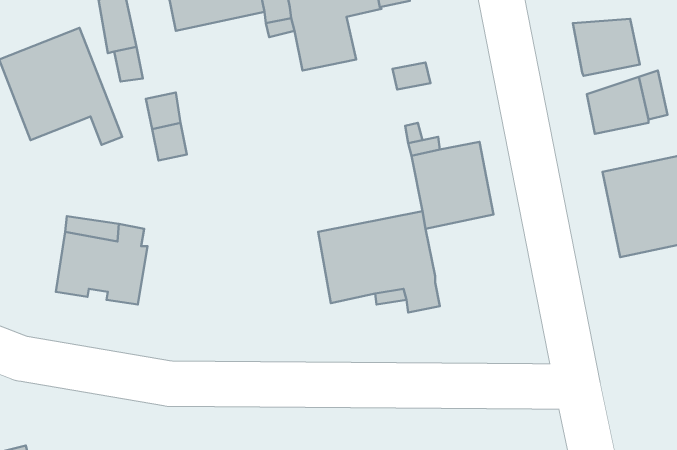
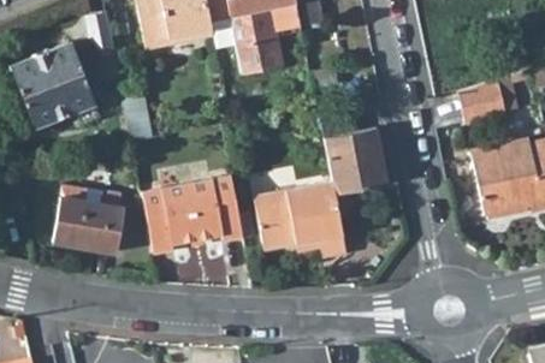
building: [573,19,640,76] -> none
building: none -> [142,173,244,252]

